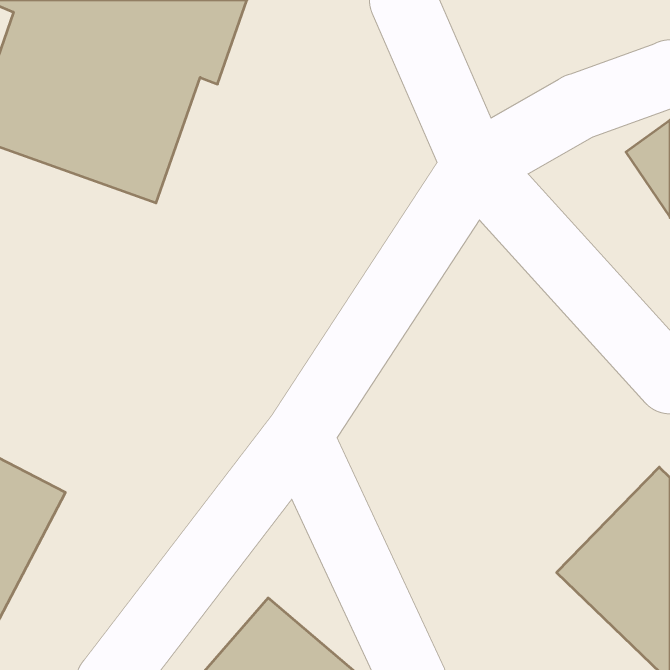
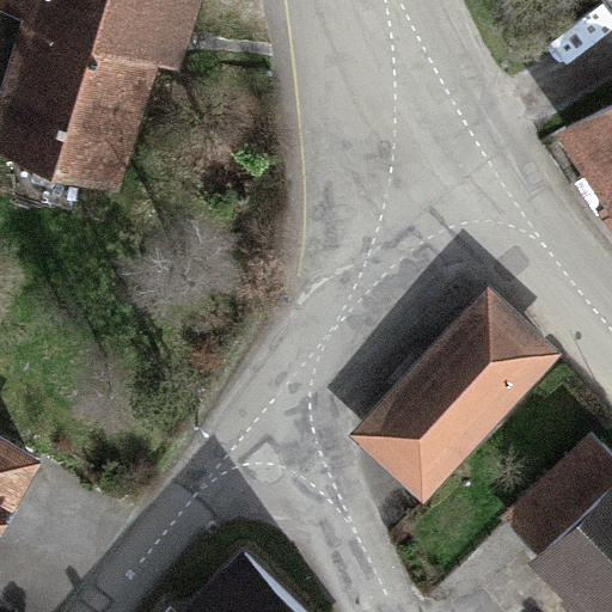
building: none -> [349,286,553,501]

